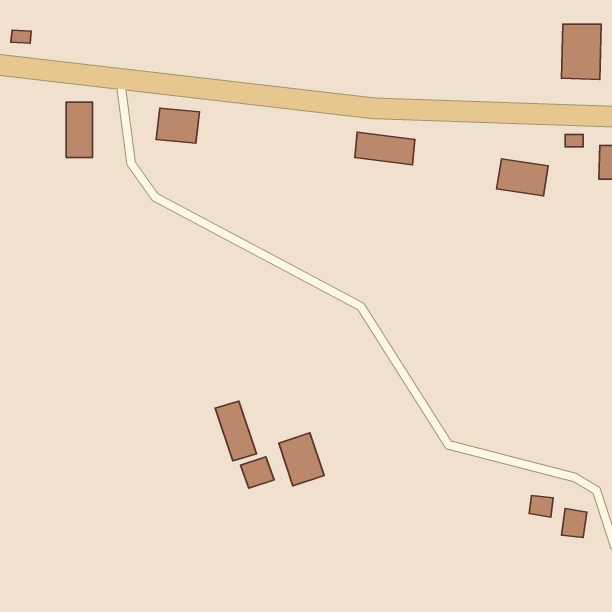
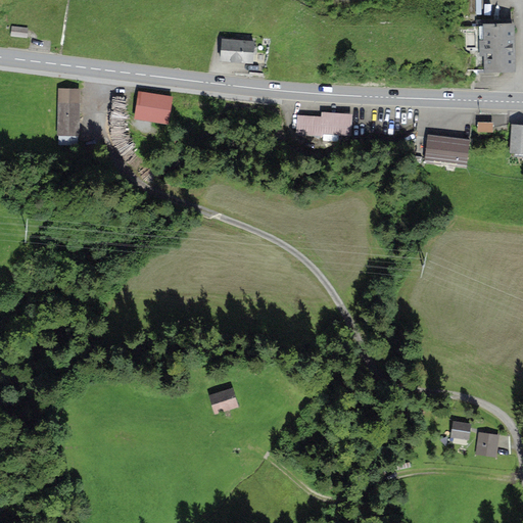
building: none -> [225,41,256,62]
building: [215,401,256,461] -> none
building: [279,433,324,486] -> none

